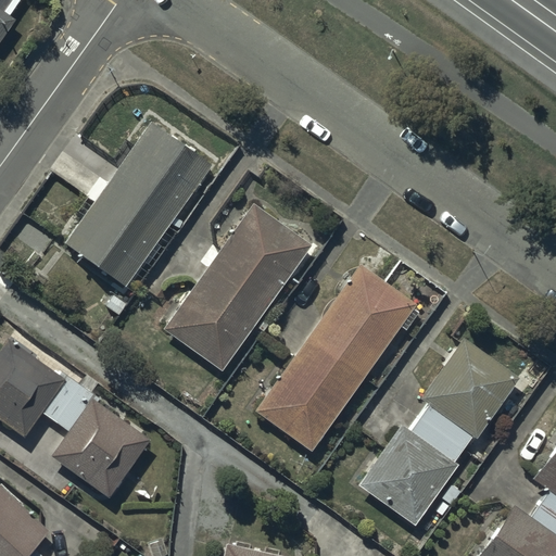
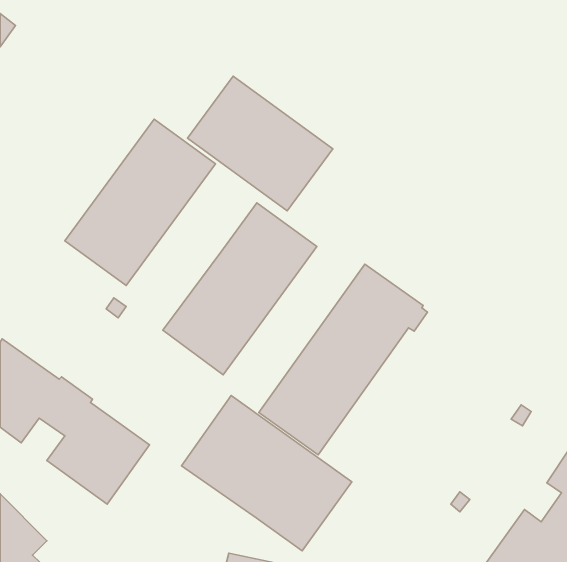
building: none -> [187,76,333,211]
building: [356,339,519,527] -> none
building: none -> [182,396,352,551]

